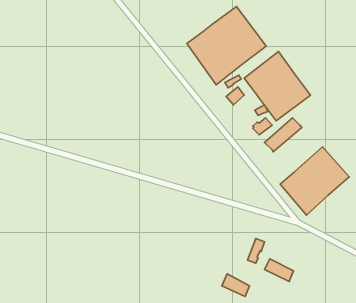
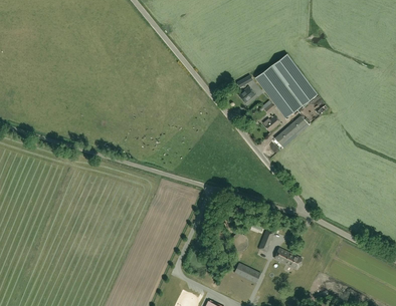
building: [187,6,266,85] -> none
building: [280,147,349,215] -> none

